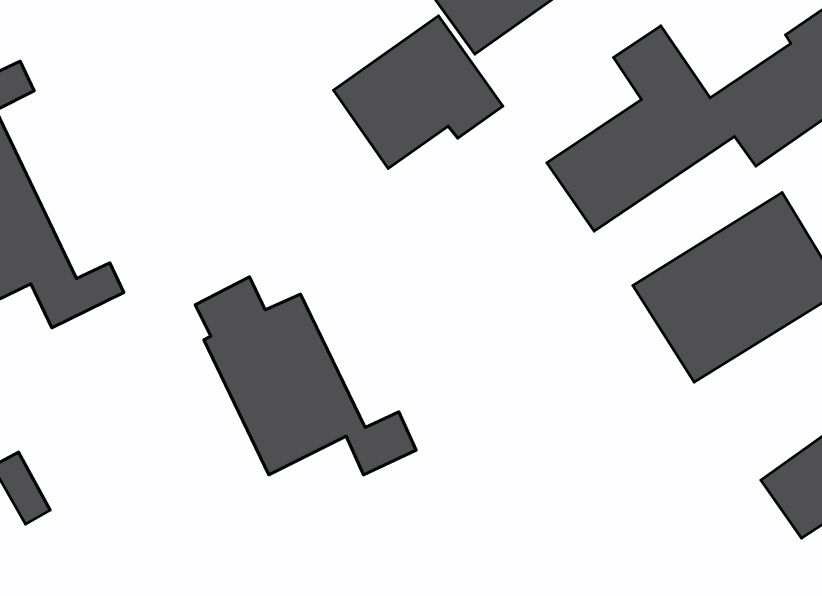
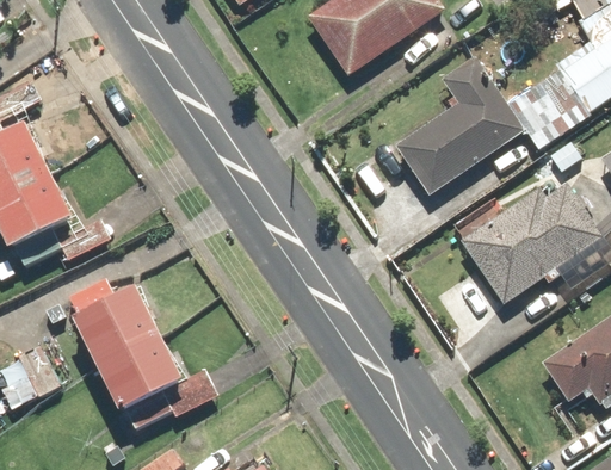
building: [334,16,503,168] -> none
building: [195,277,416,475] -> [69,278,220,413]

